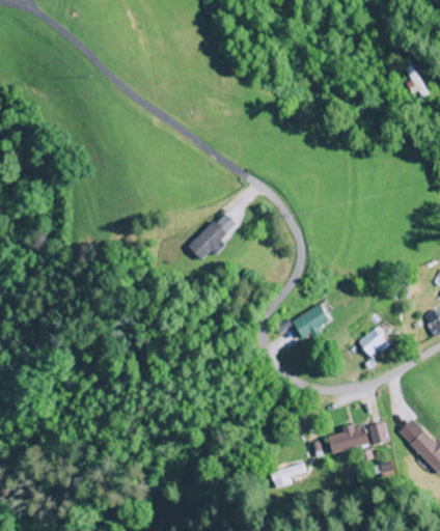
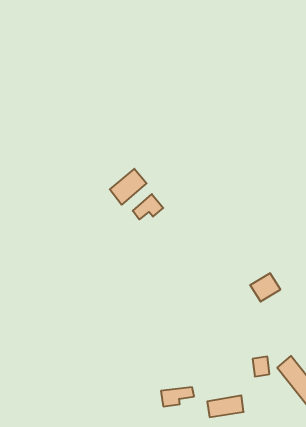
building: none -> [133,194,163,219]
building: [293,303,333,338] -> none
building: [326,425,368,453] -> [207,395,244,417]

